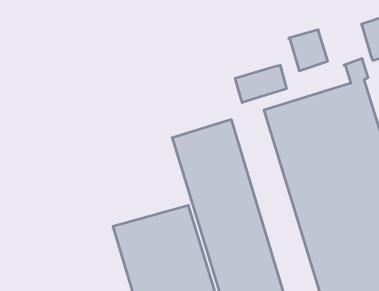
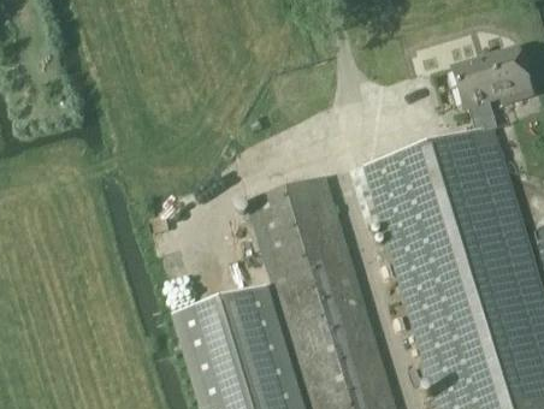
building: [289,30,328,71] -> [450,57,499,108]
building: [235,65,286,103] -> none

